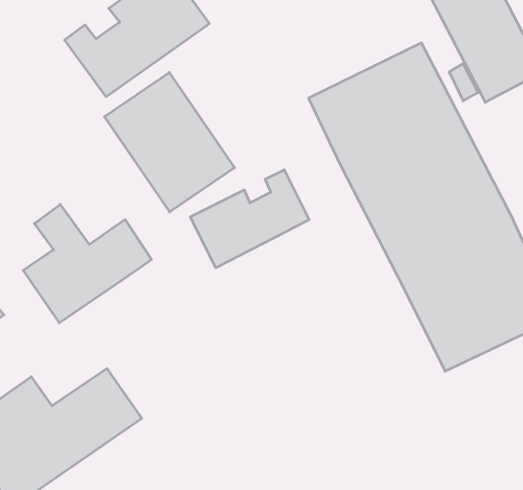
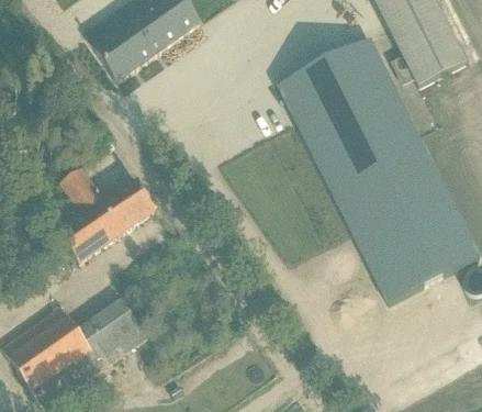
building: [104,72,235,212] -> none
building: [190,170,309,268] -> none

